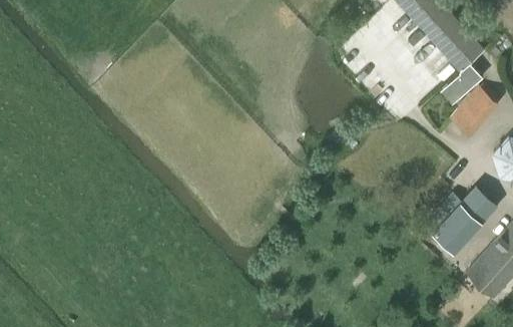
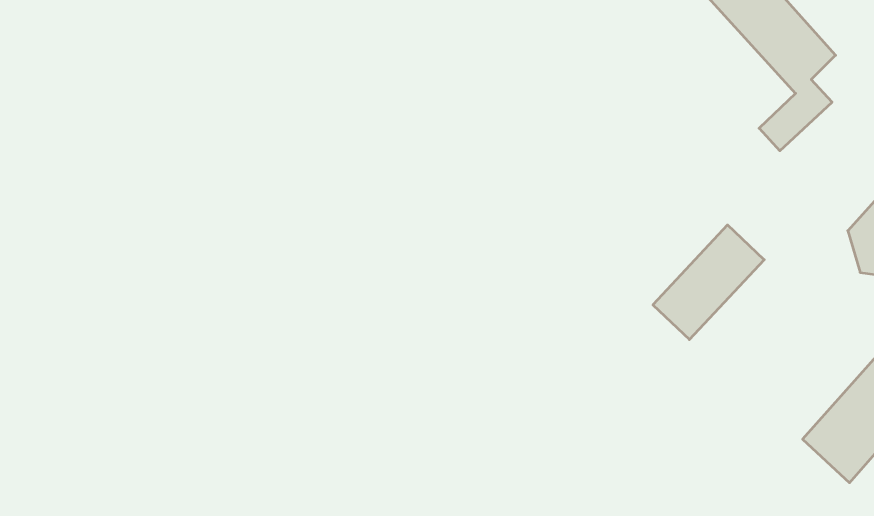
building: [450,85,498,135] -> none
building: [433,188,497,254] -> [653,225,764,340]

